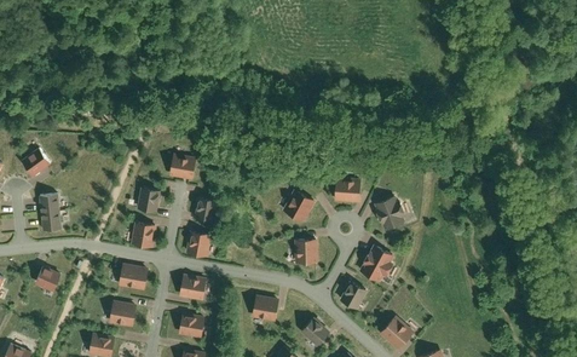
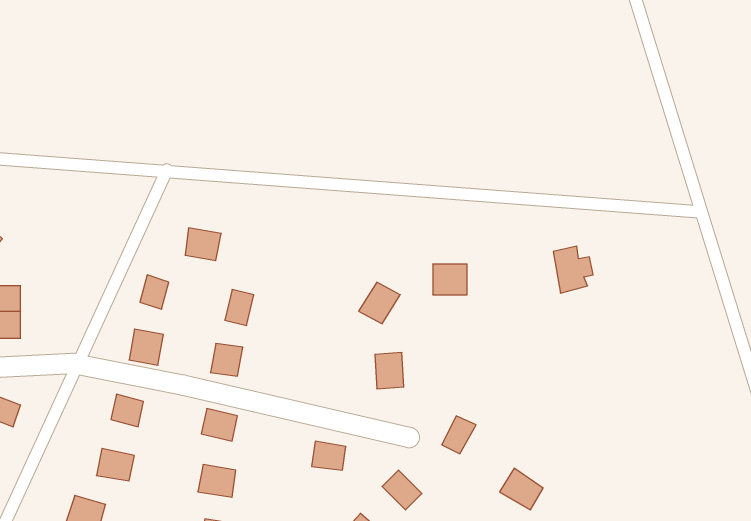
building: [376,197,403,229] -> [553,246,593,293]
building: [362,246,392,280] -> none

